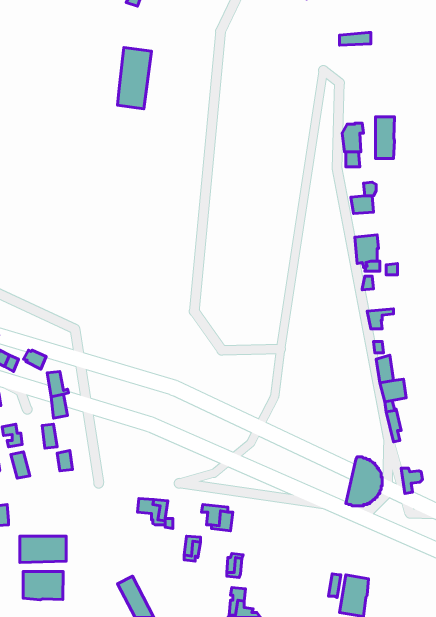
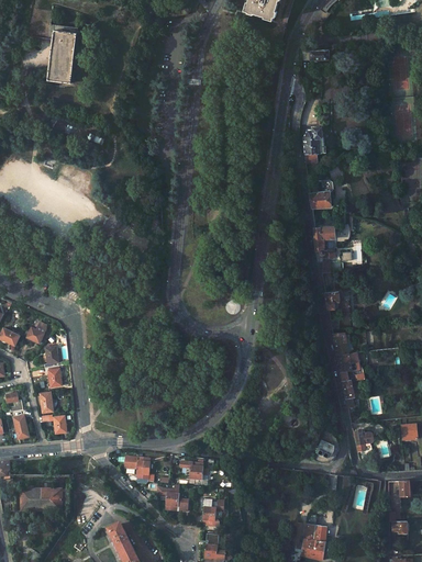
building: [118,47,152,109] -> [47,30,77,83]
building: [376,117,394,159] -> none
building: [23,571,63,600] -> none

